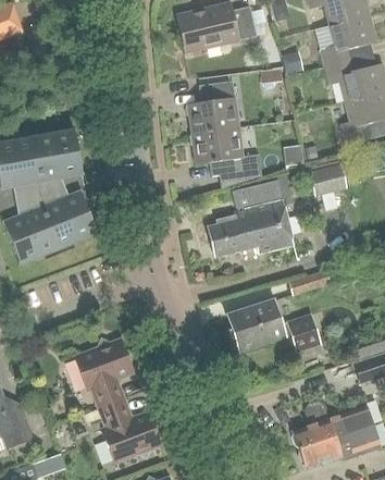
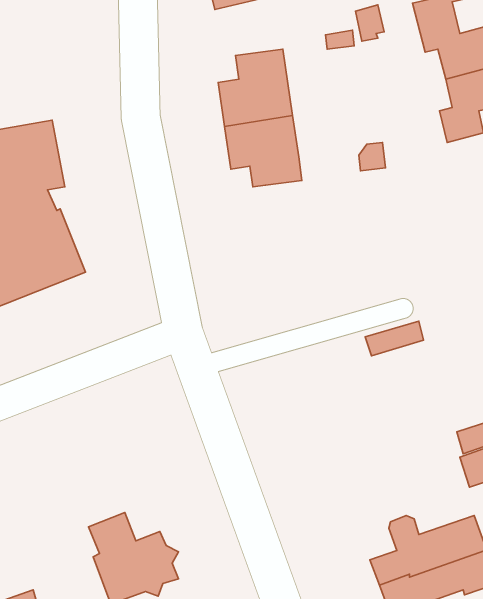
building: [221,152,262,185] -> none
building: [310,164,348,195] -> none
building: [208,180,295,257] -> none
building: [228,300,322,352] -> none
building: [75,340,133,409] -> none

